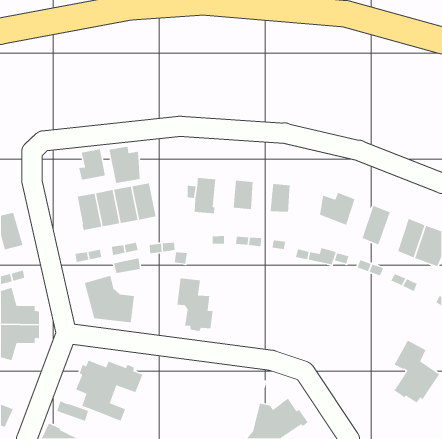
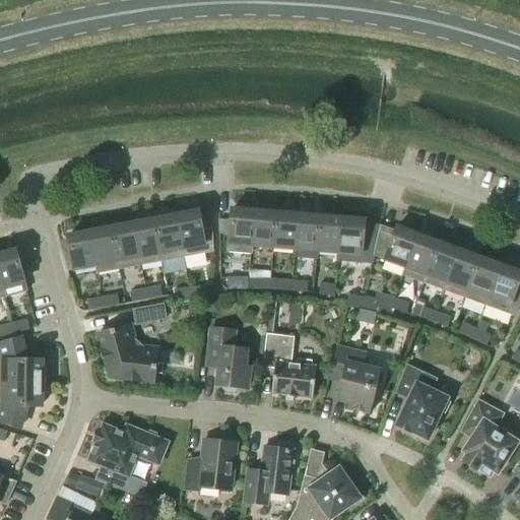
building: [108,146,140,184] -> [176,210,213,255]
building: [78,149,106,181] -> [64,231,96,268]
building: none -> [251,210,276,245]
building: none -> [294,213,320,257]
building: none -> [337,217,379,261]
building: none -> [403,234,438,280]
building: none -> [445,249,479,296]
building: none -> [263,332,316,396]
building: none -> [329,344,382,412]
building: none -> [394,363,450,437]
building: none -> [184,437,237,490]
building: none -> [244,445,295,503]

